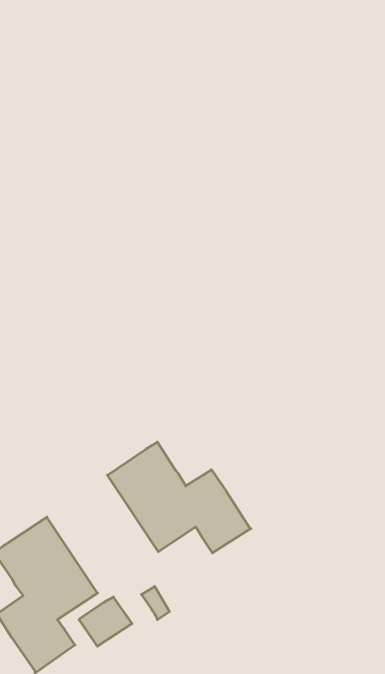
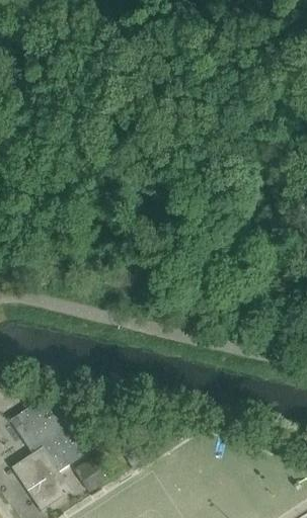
building: [107,442,251,553] -> none

